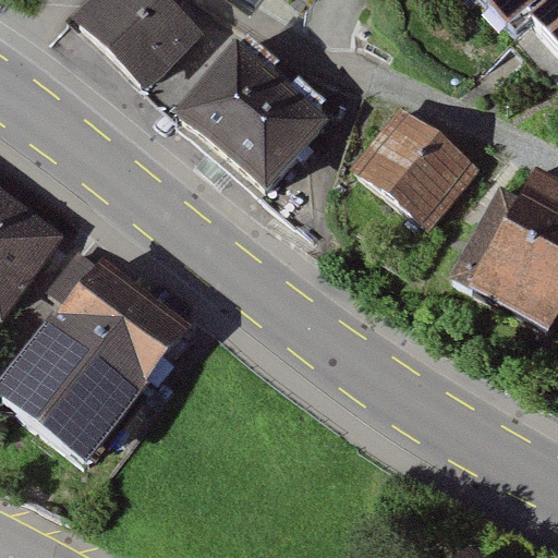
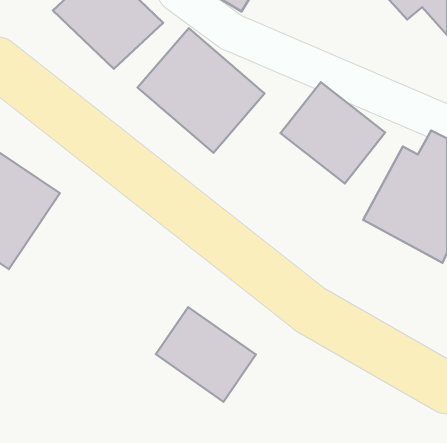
building: [13,269,202,469] -> none
building: none -> [156,307,256,402]

